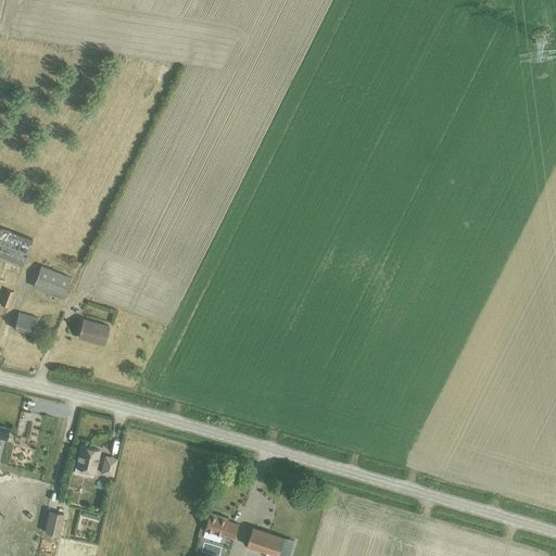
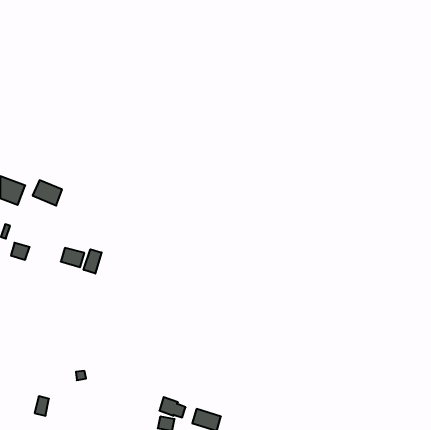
building: [33,267,71,300] -> [33,180,62,206]
building: none -> [84,249,102,274]
building: [74,446,100,478] -> none

